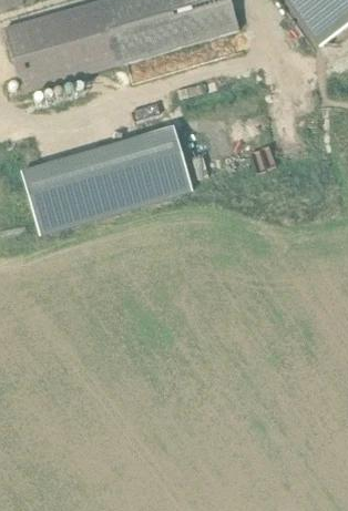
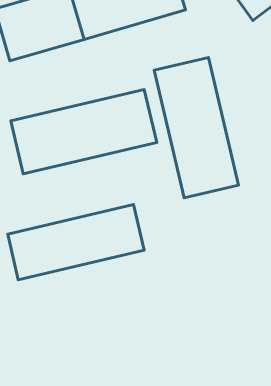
building: none -> [154,58,239,198]
building: none -> [8,205,144,280]

